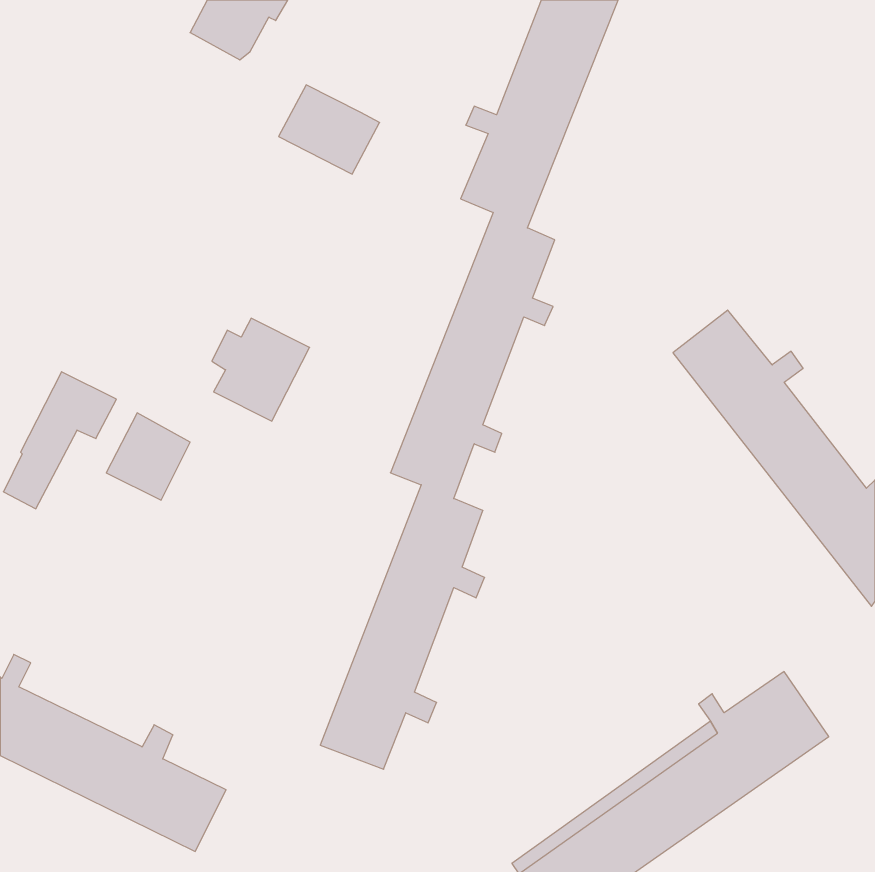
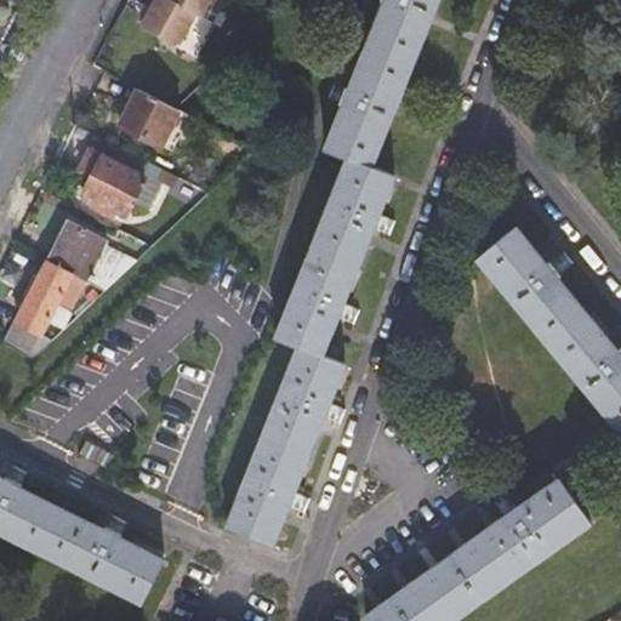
building: [279,85,380,174] -> [114,92,186,155]
building: [212,318,310,421] -> [78,147,147,220]
building: [106,413,190,500] -> [44,223,103,285]

